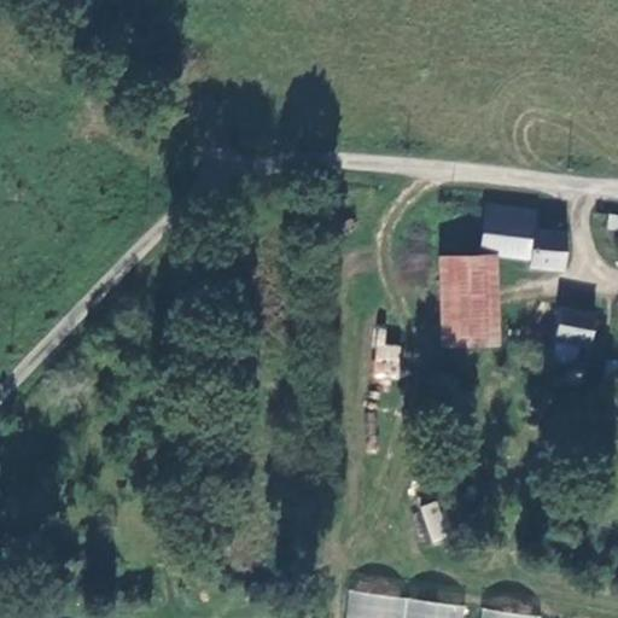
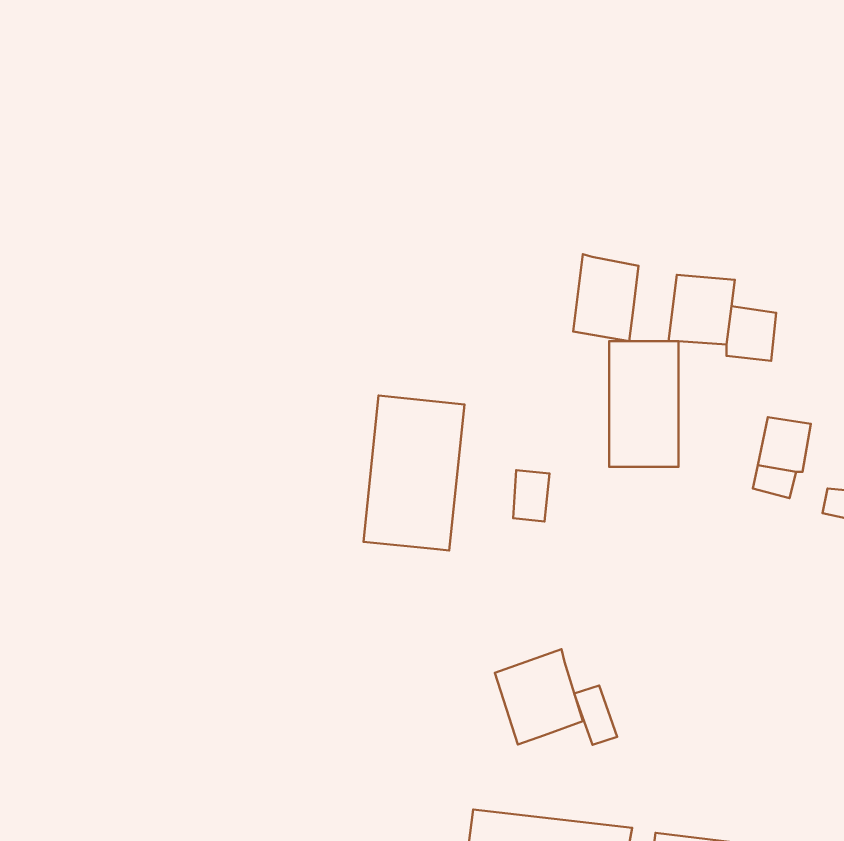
building: none -> [573,254,638,341]
building: none -> [363,396,464,551]
building: none -> [495,649,583,745]

